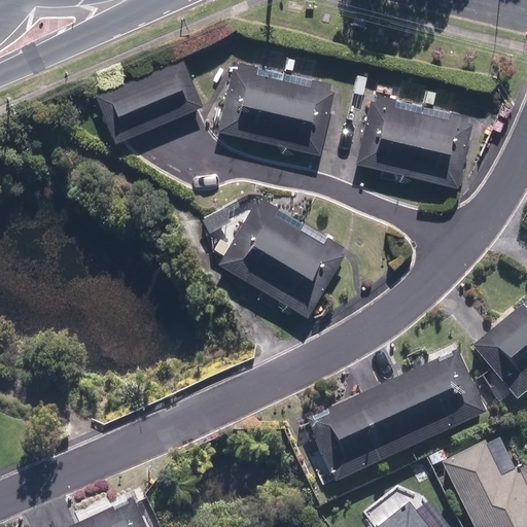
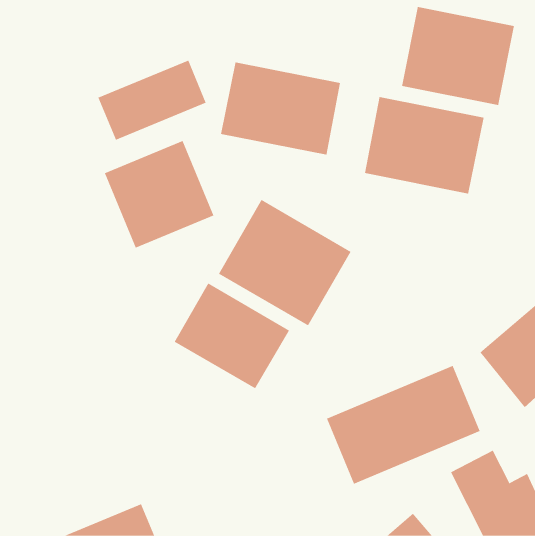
building: none -> [401,6,514,106]
building: none -> [104,140,214,249]
building: none -> [174,283,290,389]

